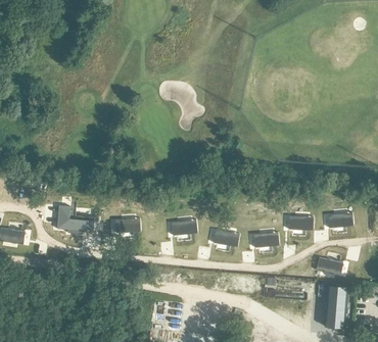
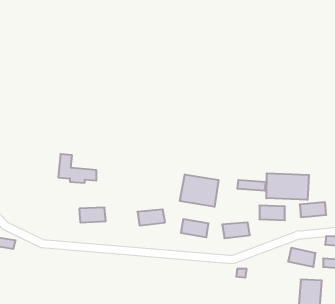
building: none -> [266,173,309,200]
building: none -> [180,174,218,207]
building: [55,205,92,233] -> [58,154,96,183]

